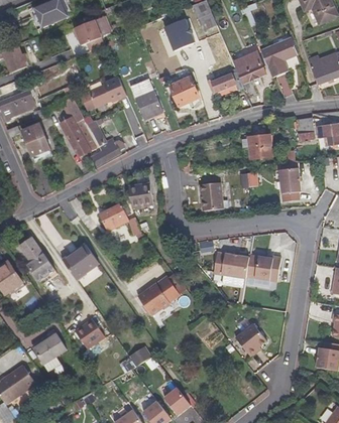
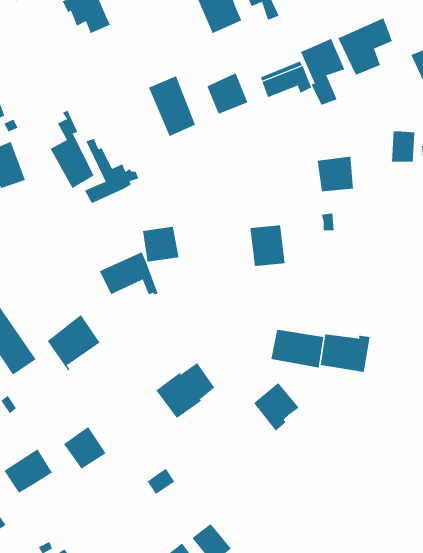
building: [90,77,127,106] -> none
building: [280,166,302,200] -> none
building: [236,322,267,356] -> [253,382,299,431]

